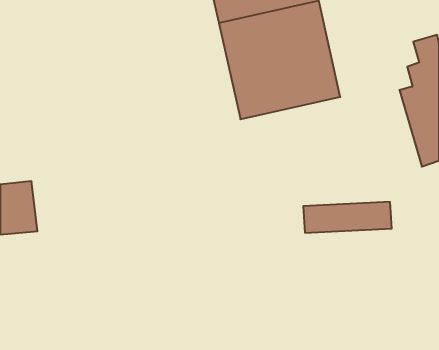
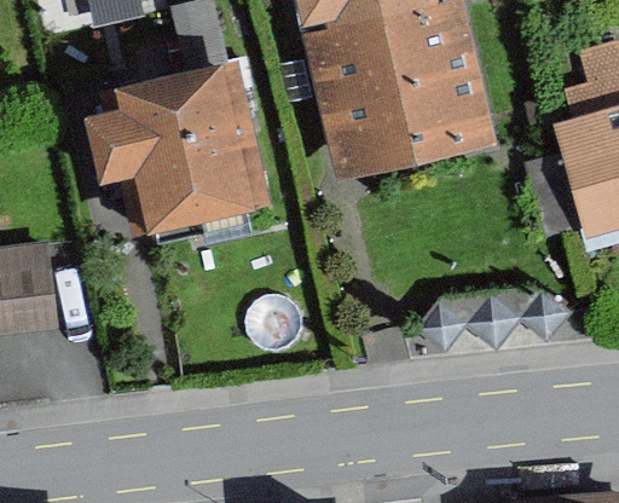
building: none -> [92,73,261,235]

